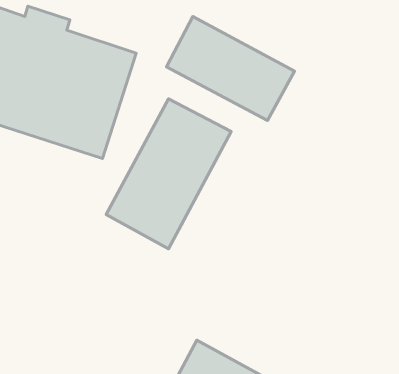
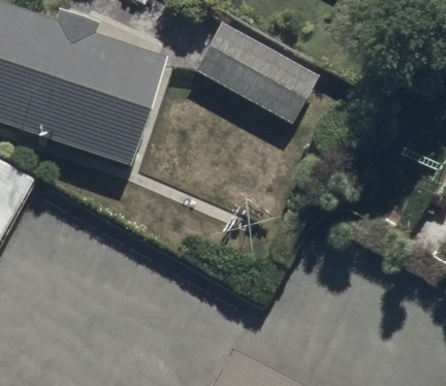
building: [106,99,231,249] -> none

